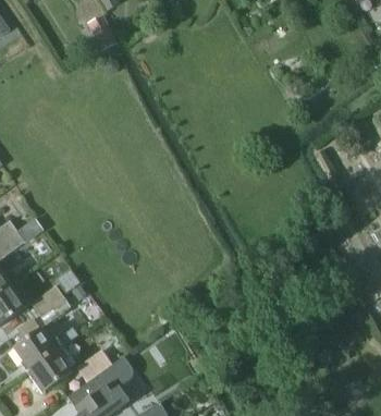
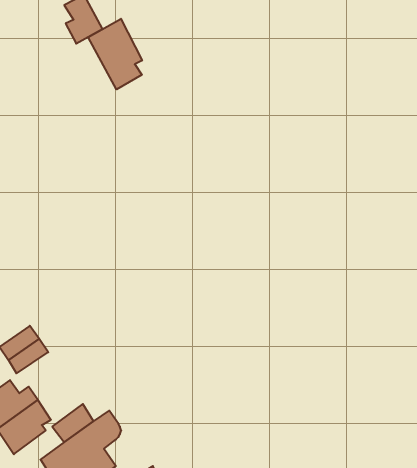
building: none -> [88,19,142,89]

